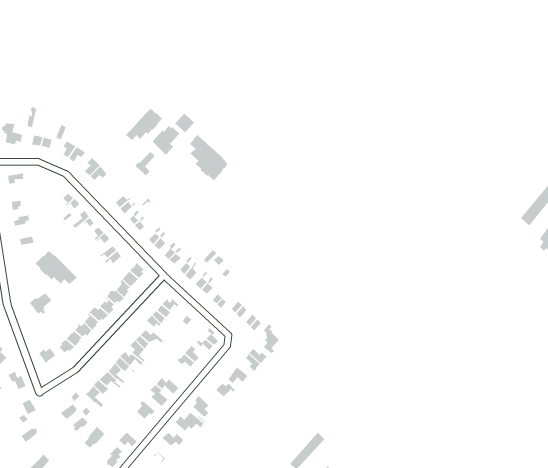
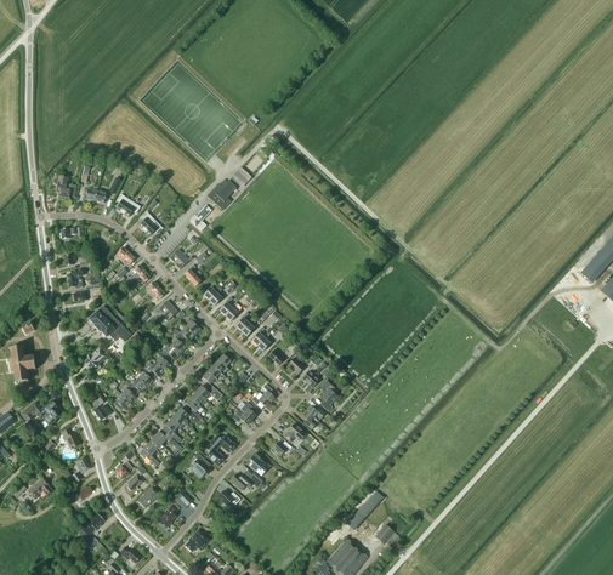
building: [125,108,163,141] -> none
building: [189,134,229,181] -> none

